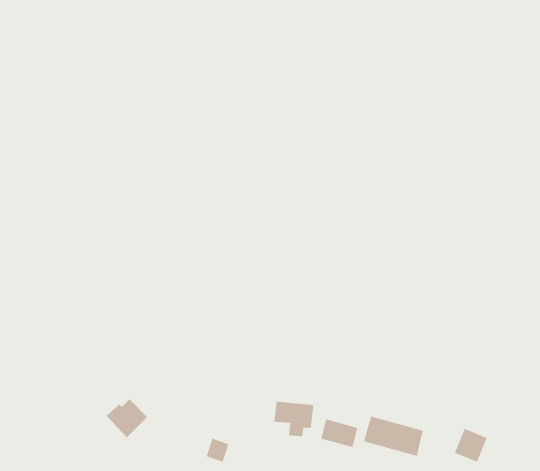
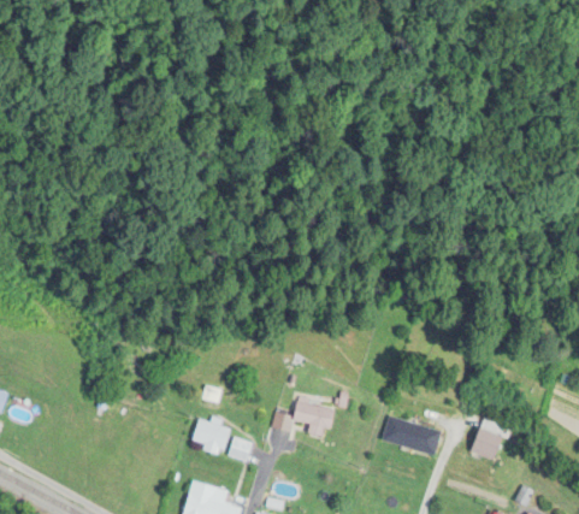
building: [106,399,148,438] -> [191,414,232,453]
building: [321,419,358,448] -> none

